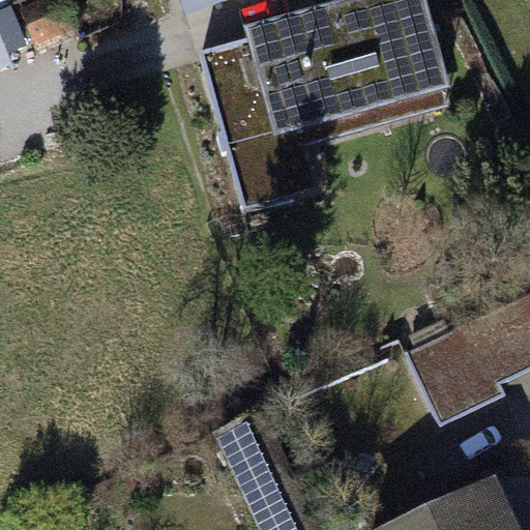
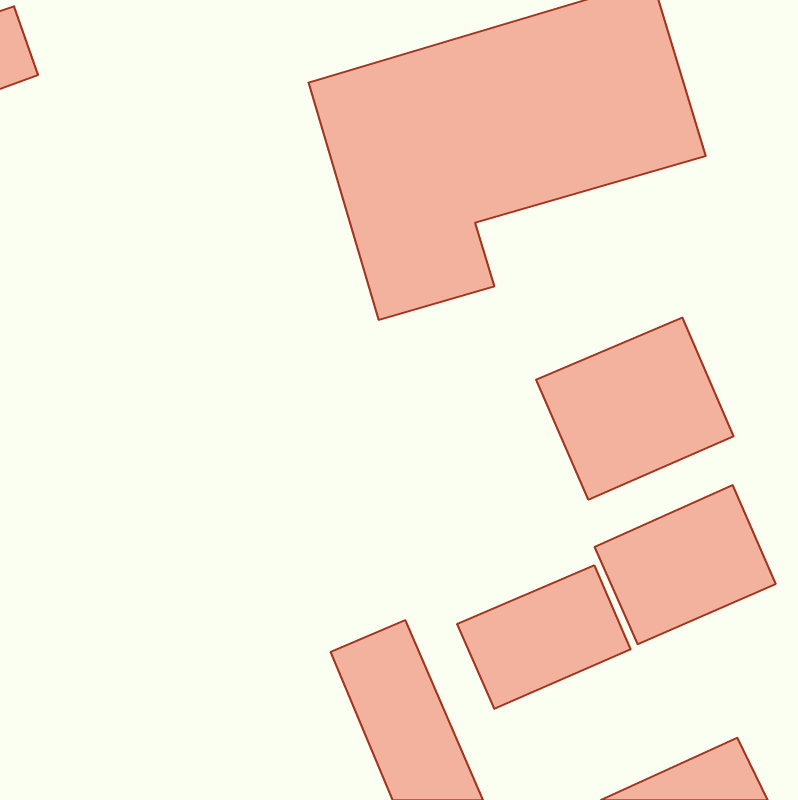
building: none -> [536,318,733,500]
building: none -> [457,565,630,709]

